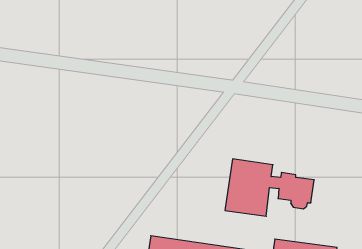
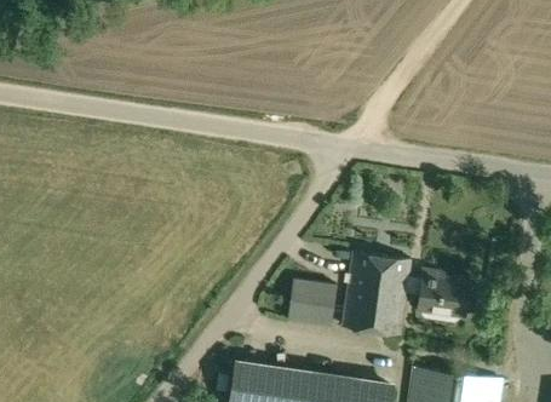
building: none -> [287,277,337,326]

